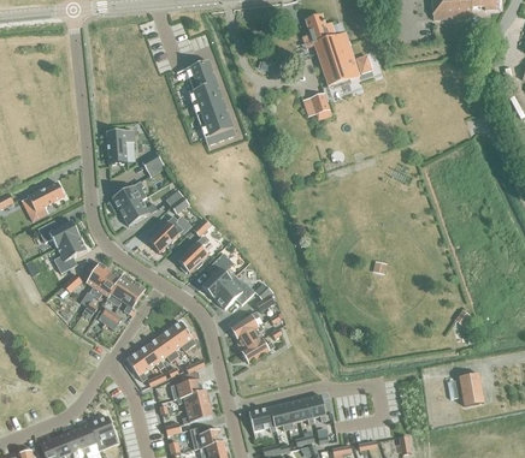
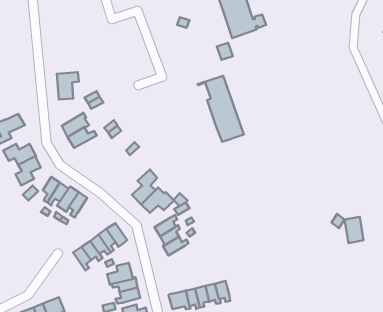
building: [176,61,235,145] -> [198,76,244,142]
building: [147,216,183,252] -> none
building: [178,237,207,273] -> none
building: [459,373,483,406] -> [345,217,364,243]

